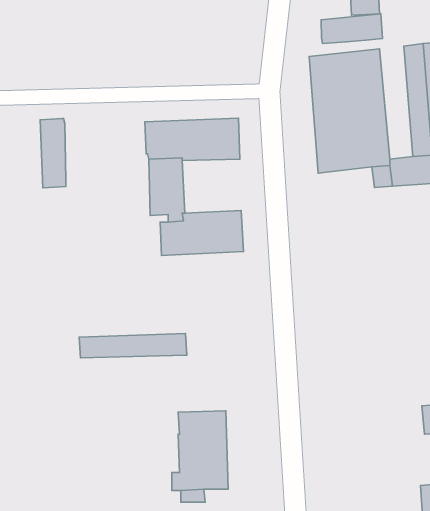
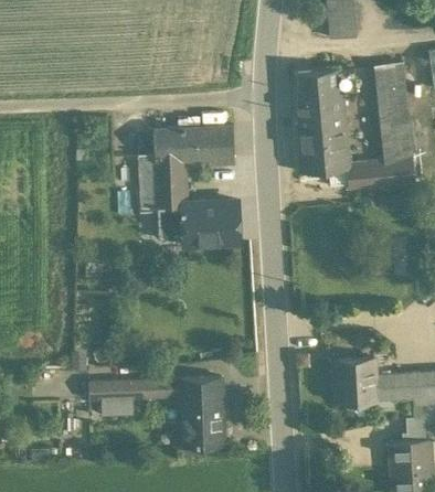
building: [321,14,383,43] -> none
building: [40,119,66,188] -> [135,159,157,218]
building: [79,333,187,358] -> [89,381,182,402]
building: none -> [333,359,393,405]

